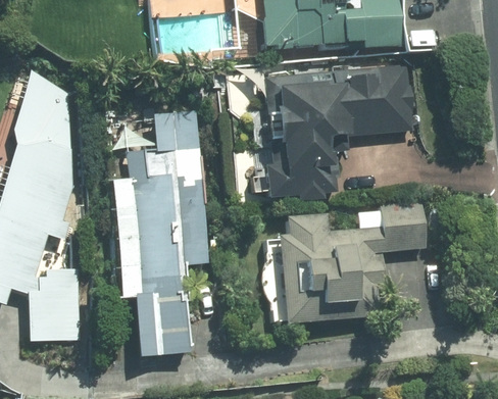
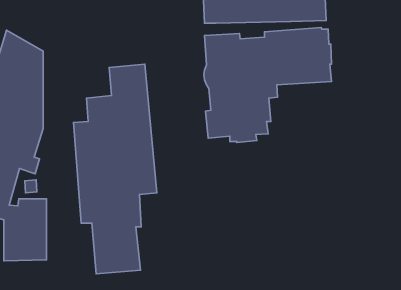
building: [278,201,426,320] -> none

